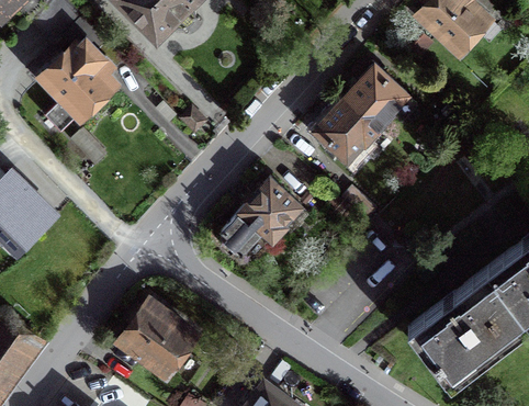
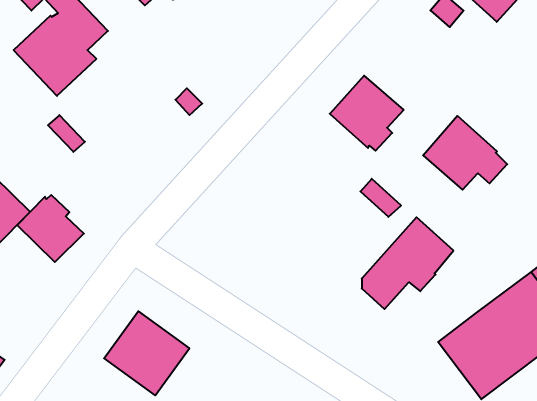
building: [344,65,416,128] -> [423,116,507,190]
building: [221,178,300,257] -> [362,217,453,309]
building: none -> [17,195,84,262]

